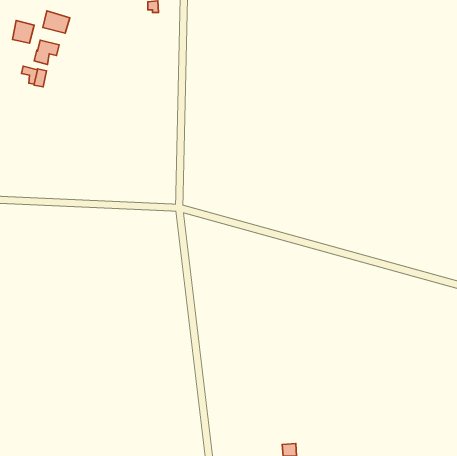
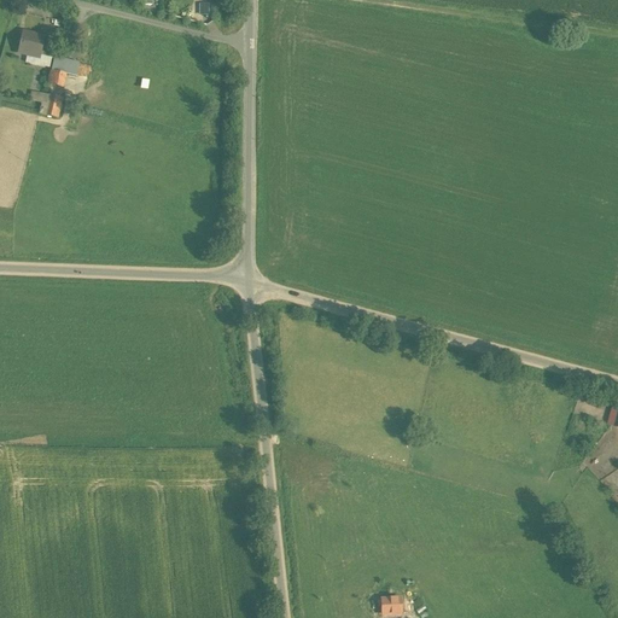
building: [43,11,70,33] -> none

